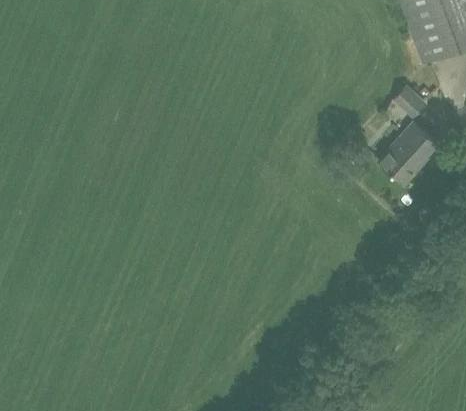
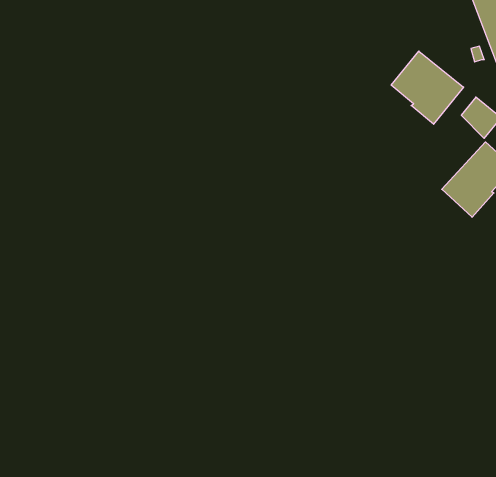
building: none -> [391,51,464,124]

